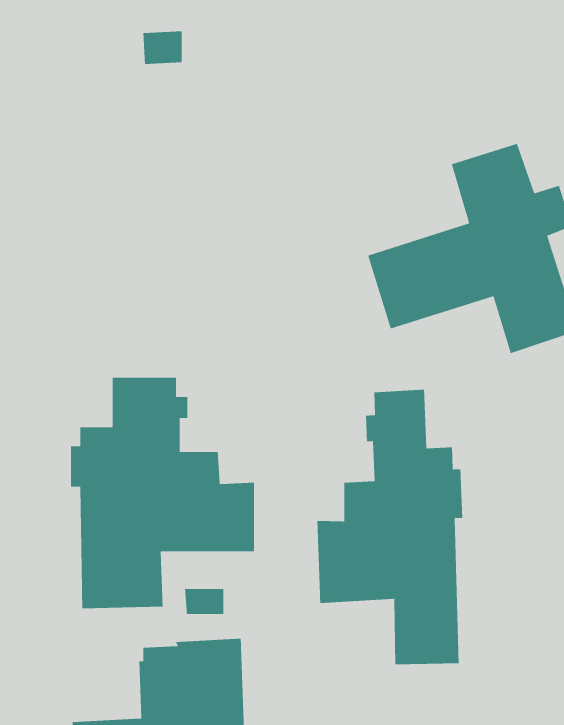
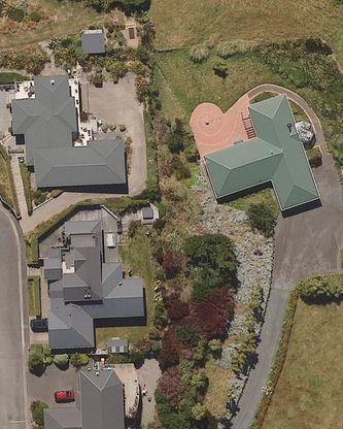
building: none -> [11,79,123,185]
building: [316,389,463,665] -> none

